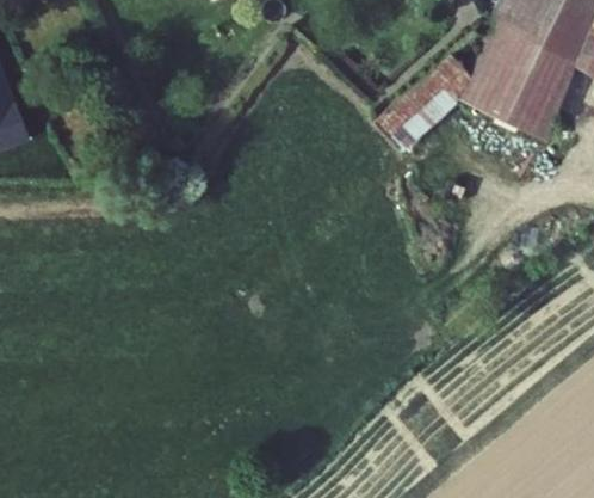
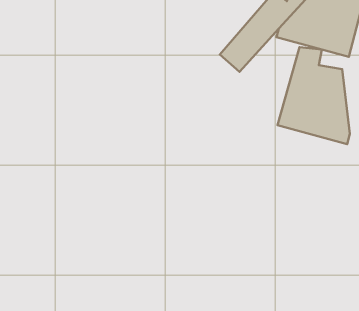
building: none -> [278,47,350,144]

